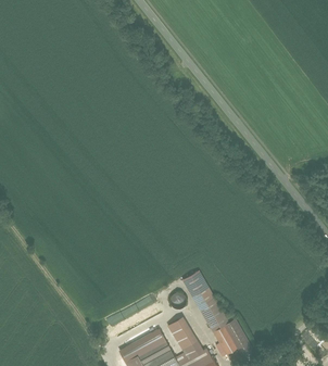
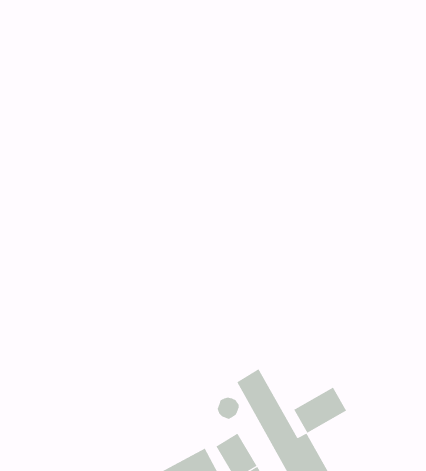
building: none -> [294,387,347,434]

